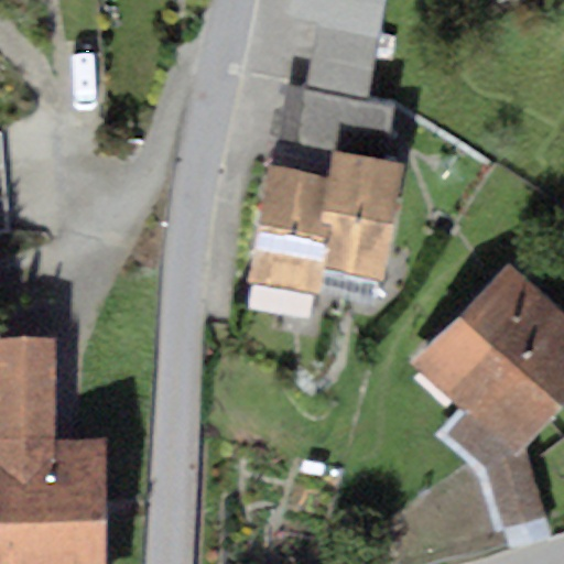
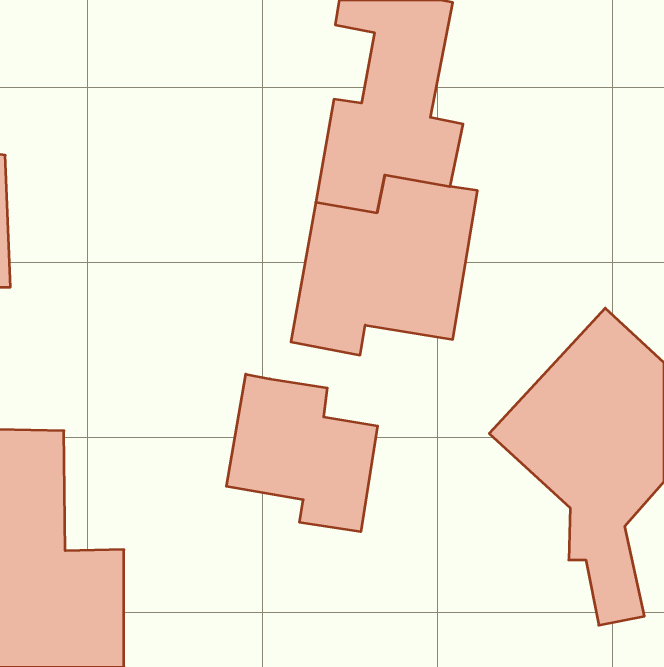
building: none -> [226,374,378,532]

